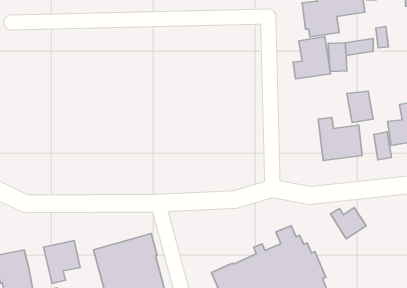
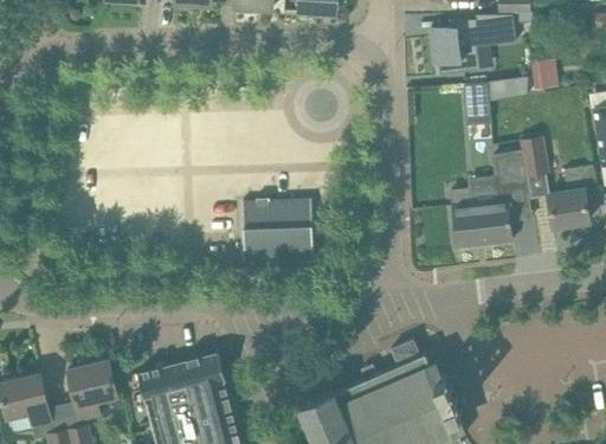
building: [293,37,330,79] -> none
building: none -> [241,200,312,263]
building: [374,132,392,160] -> [521,137,546,176]
building: [330,208,366,239] -> none

